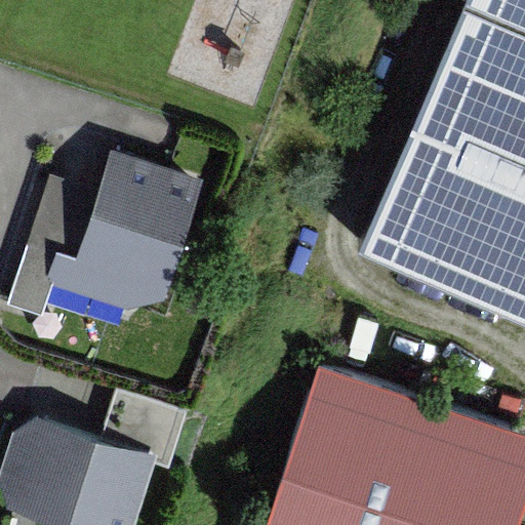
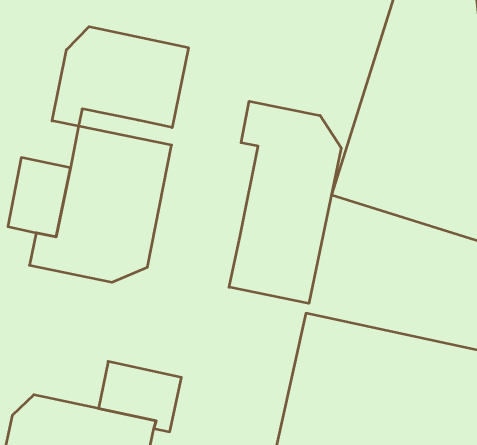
building: none -> [52,27,188,128]
building: none -> [229,101,341,303]

